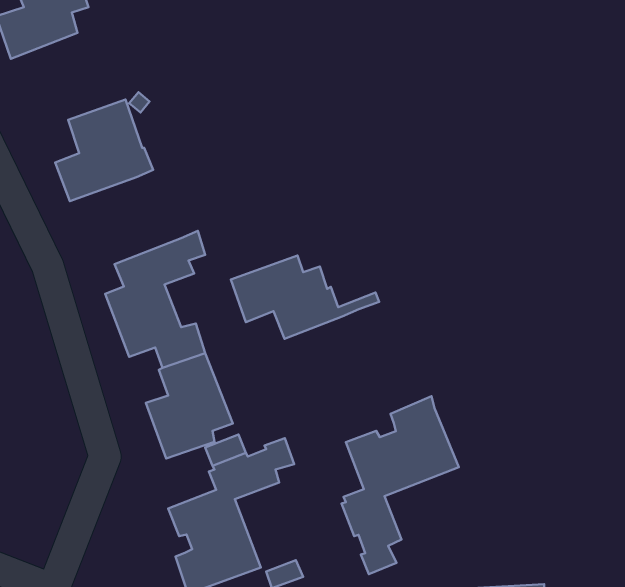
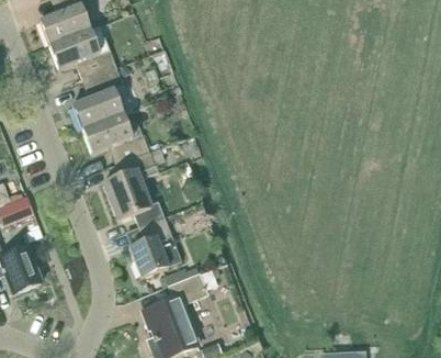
building: none -> [48,23,116,79]
building: [231,256,379,339] -> [83,113,171,163]
building: [342,396,459,574] -> none

